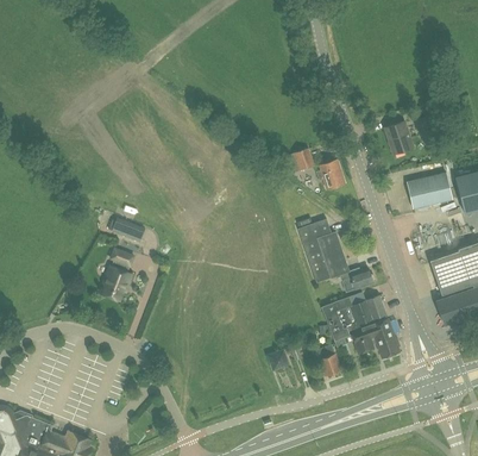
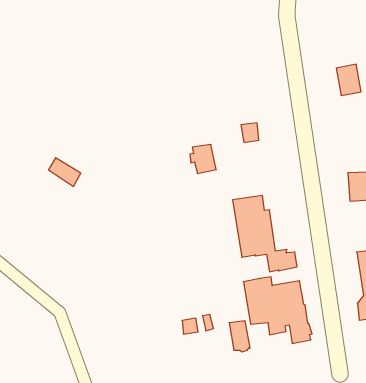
building: [384,118,413,151] -> [336,64,361,96]
building: [317,158,346,189] -> [190,144,216,174]
building: [102,246,134,300] -> none

